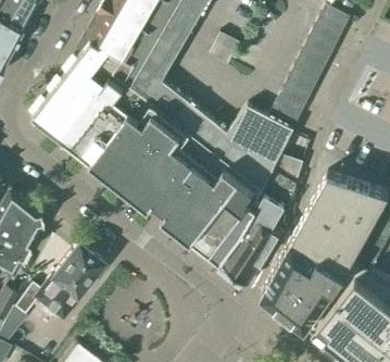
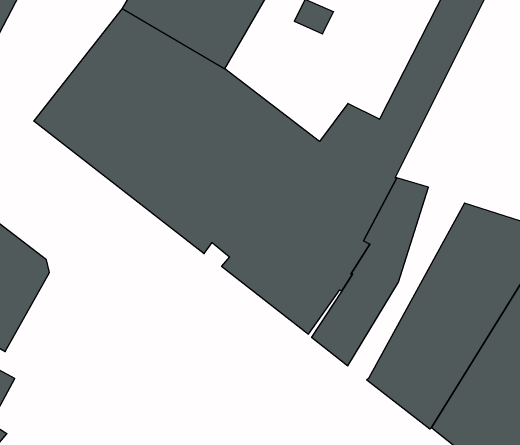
building: [13,244,101,320] -> none

